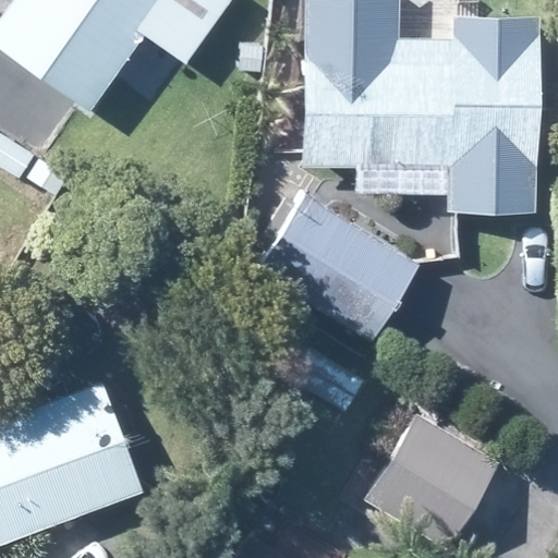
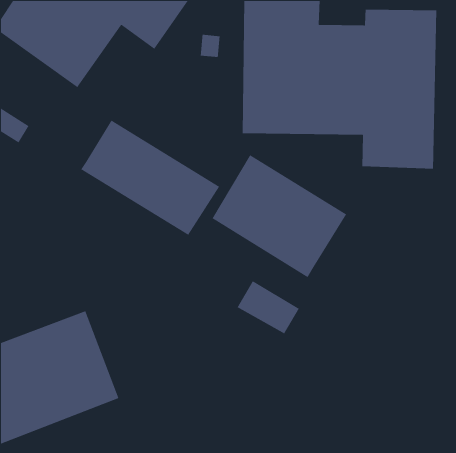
building: none -> [80,119,220,236]
building: [369,415,501,549] -> none

